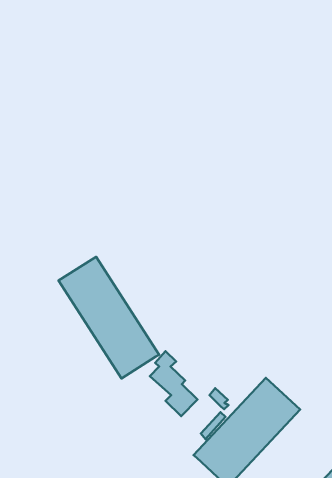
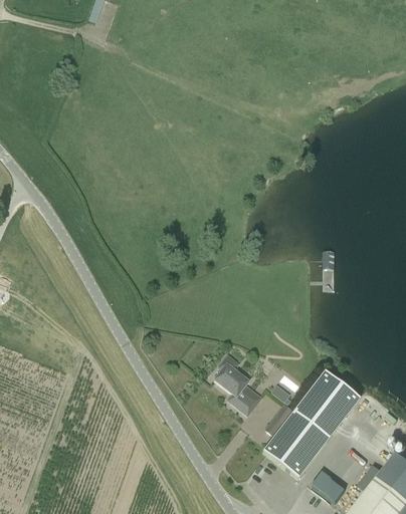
building: [59,257,159,379] -> none

